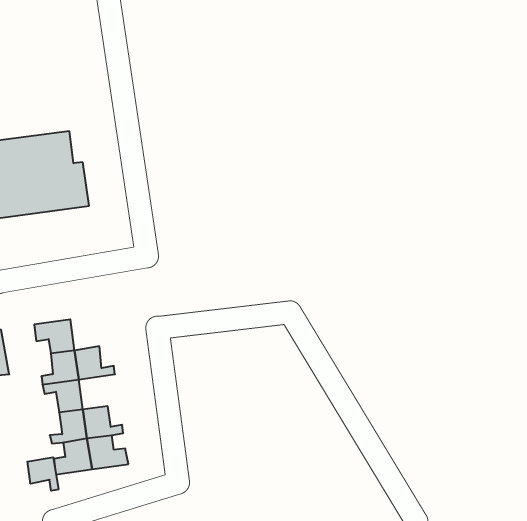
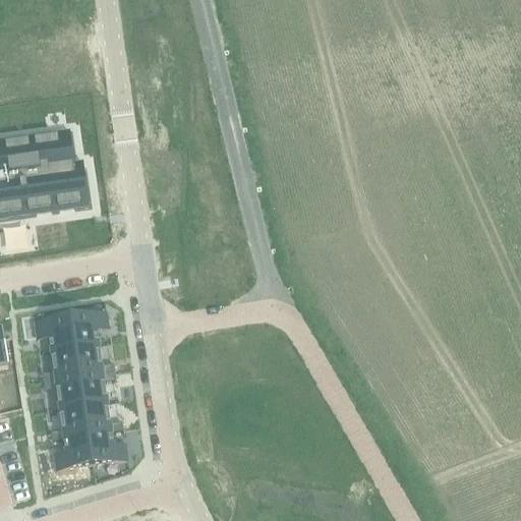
building: none -> [69,309,107,345]
building: none -> [77,368,114,403]
building: [27,457,58,491] -> none

